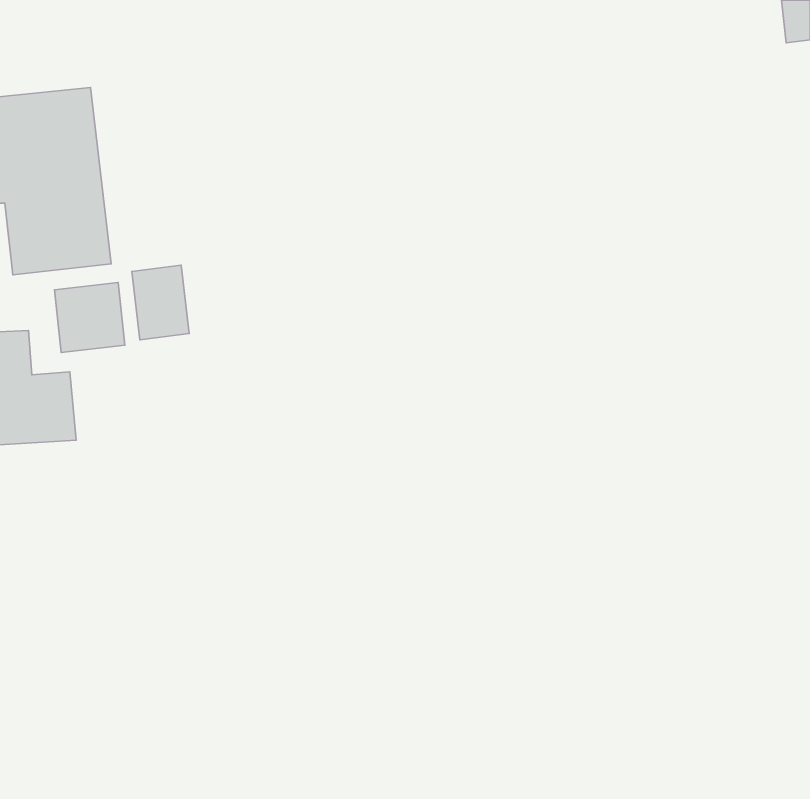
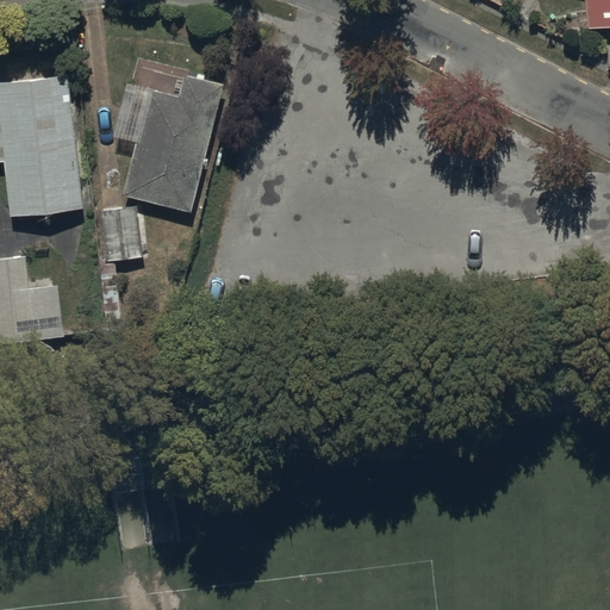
building: none -> [123,75,222,212]
building: [55,282,125,353] -> none

